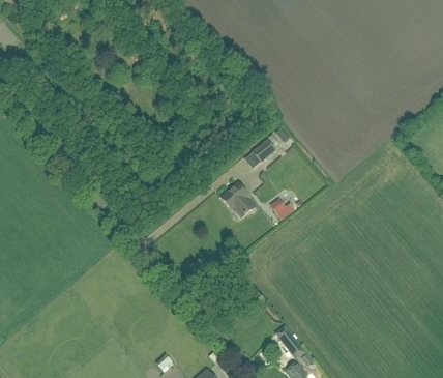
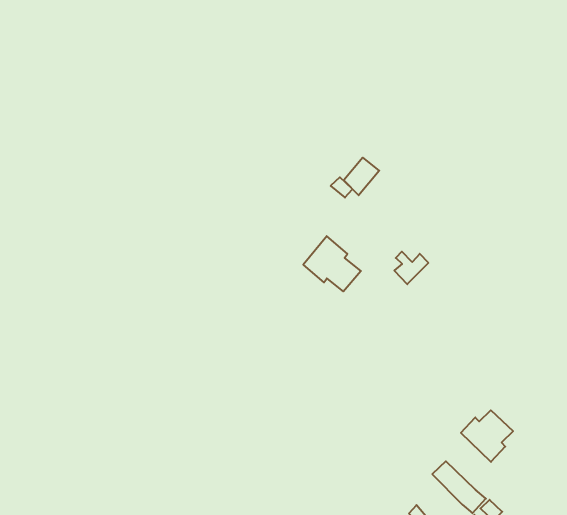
building: none -> [461,410,513,462]

